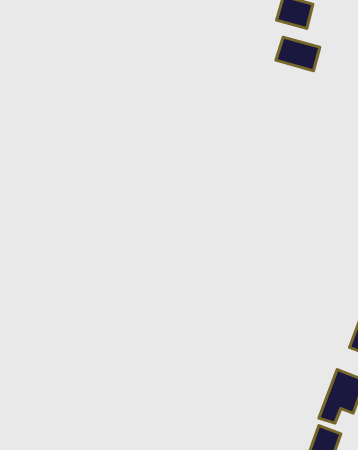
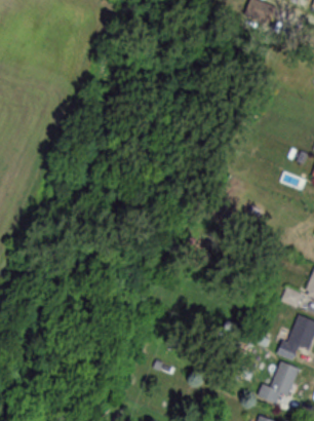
building: [276,37,320,71] -> none

